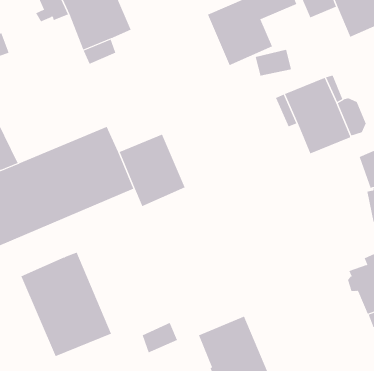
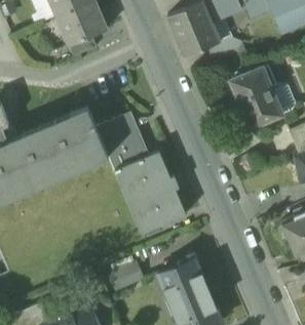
building: [21,252,112,357] -> [115,151,188,235]

